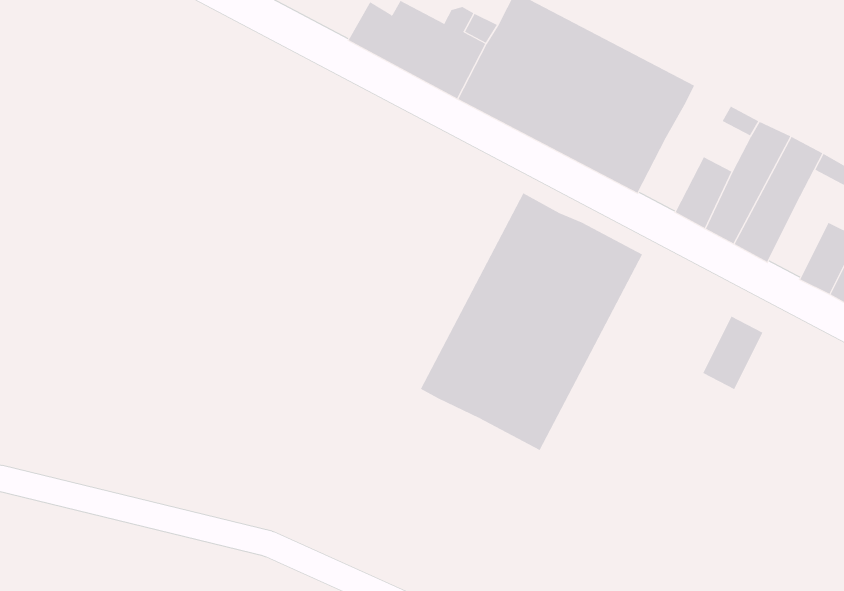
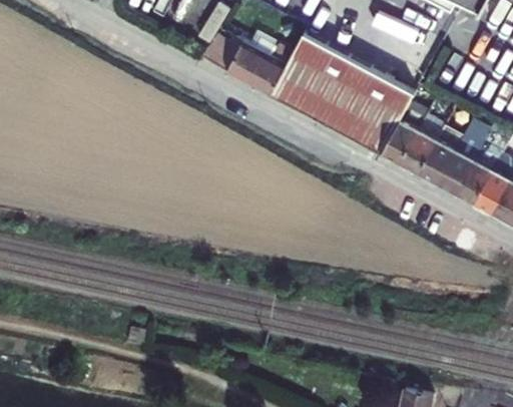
building: none -> [381,120,420,164]
building: [420,192,643,451] -> none
building: [702,316,763,390] -> [458,160,494,205]

